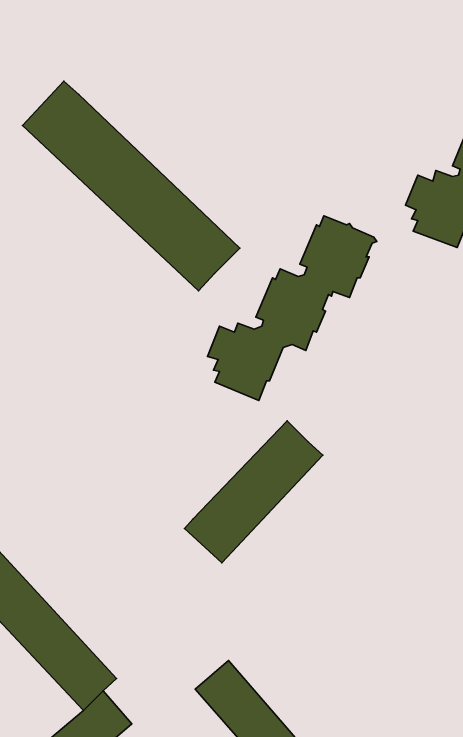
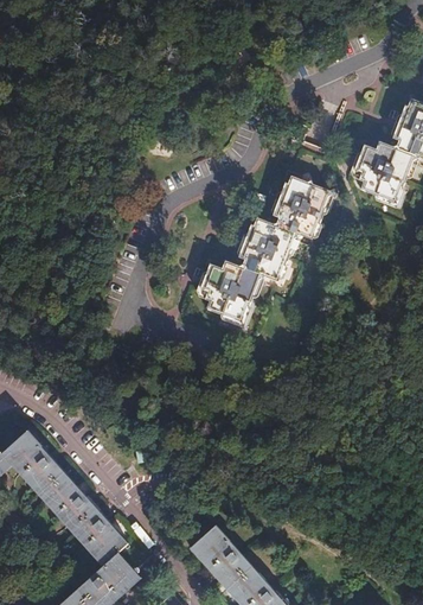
building: [23,81,240,291] -> none
building: [185,421,323,563] -> none

